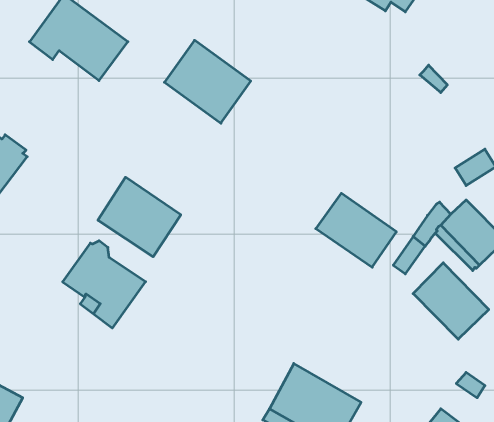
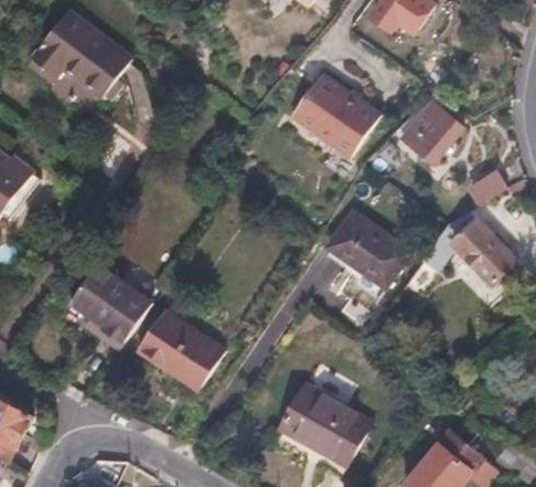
building: [164,40,251,123] -> [297,73,383,156]
building: none -> [397,102,458,163]
building: [98,177,181,257] -> [139,309,222,389]
building: [413,263,489,339] -> none

